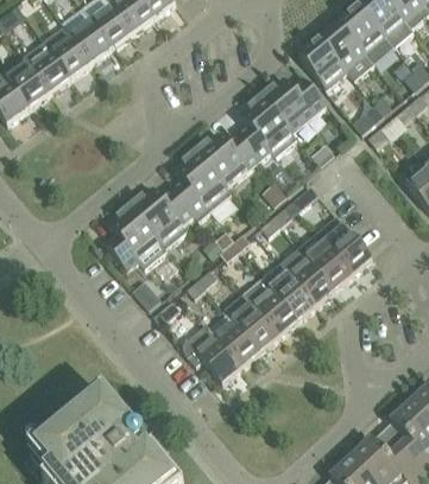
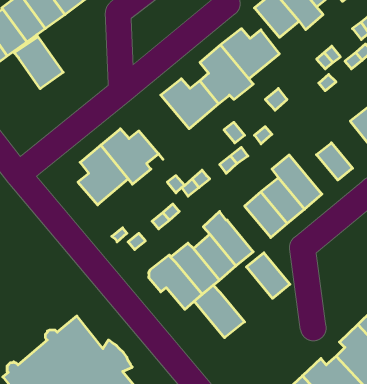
building: none -> [14,35,63,89]
building: [175,147,233,217] -> none
building: none -> [316,143,353,180]
building: [271,268,318,318] -> [246,253,290,298]
building: none -> [194,285,245,338]

